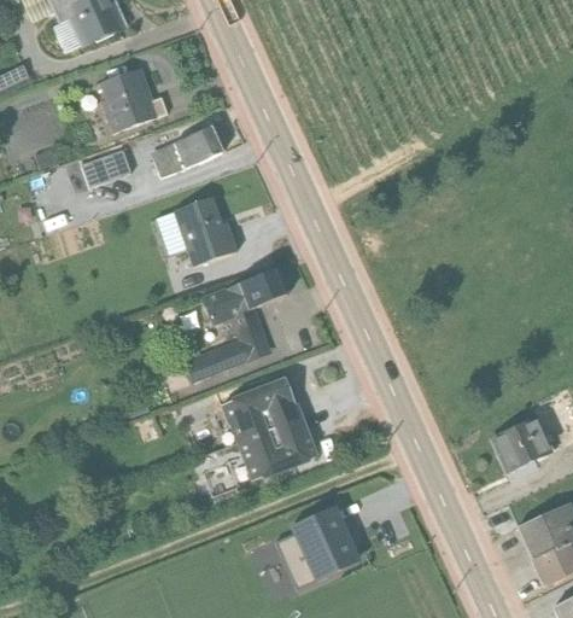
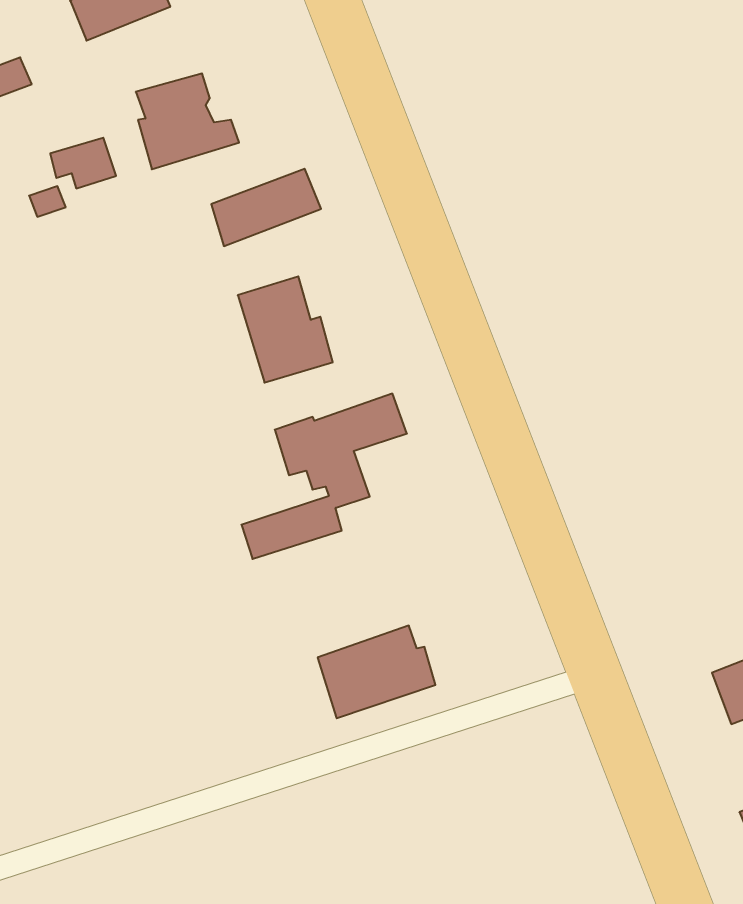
building: [87,144,130,177] -> [50,138,116,188]
building: [223,378,297,442] -> none
building: [276,506,359,589] -> none

